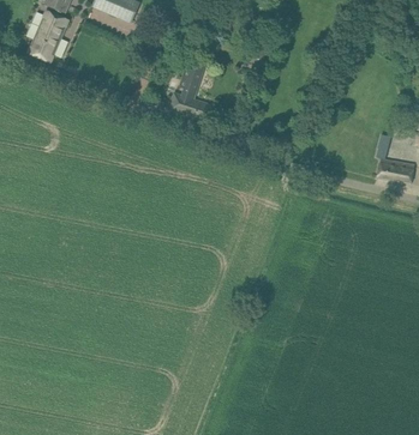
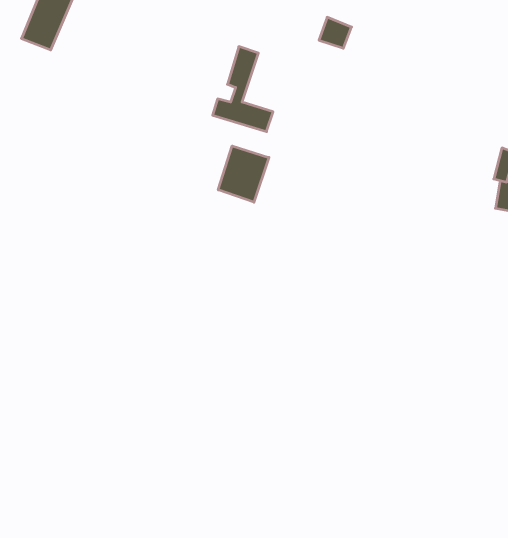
building: none -> [218,146,269,202]

